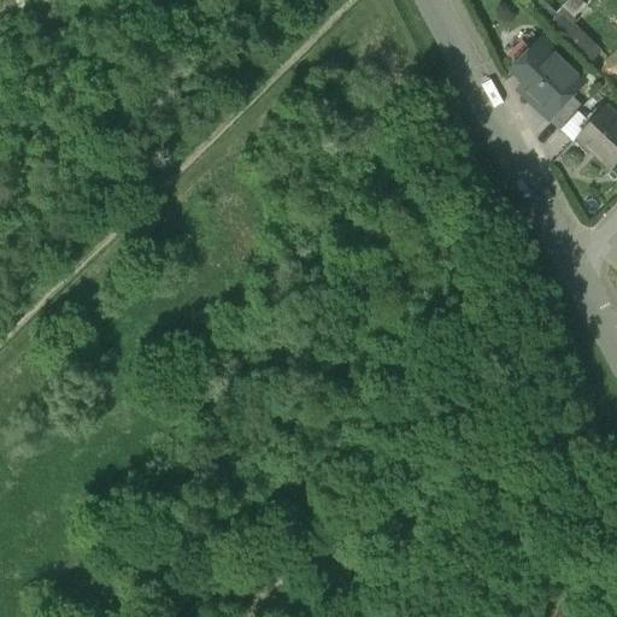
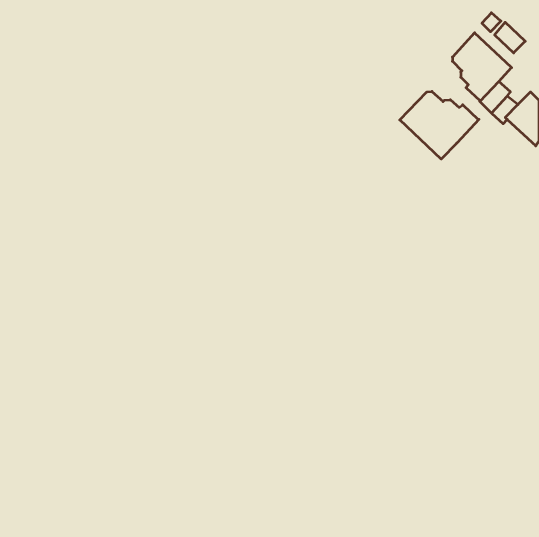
building: none -> [400,91,479,159]

